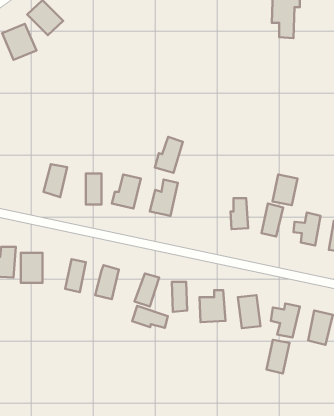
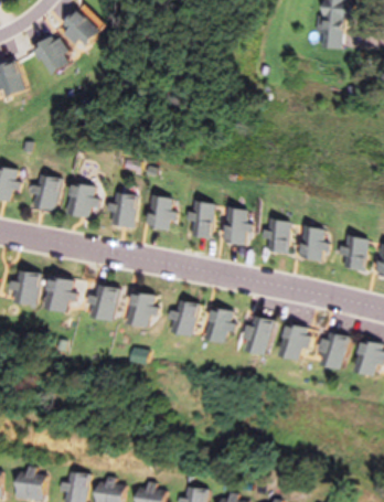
building: [155,137,183,173] -> [222,207,252,246]
building: none -> [32,177,64,212]
building: [272,175,297,205] -> none
building: [132,306,168,328] -> none
building: [266,340,290,373] -> none

